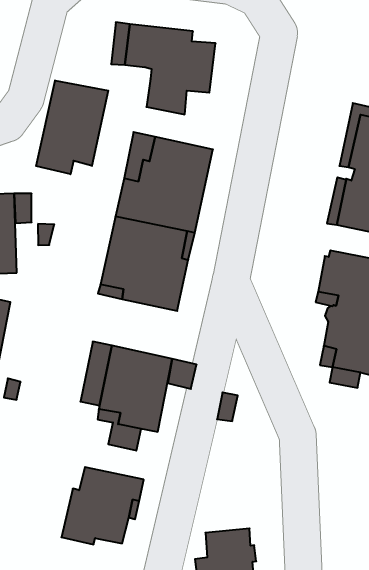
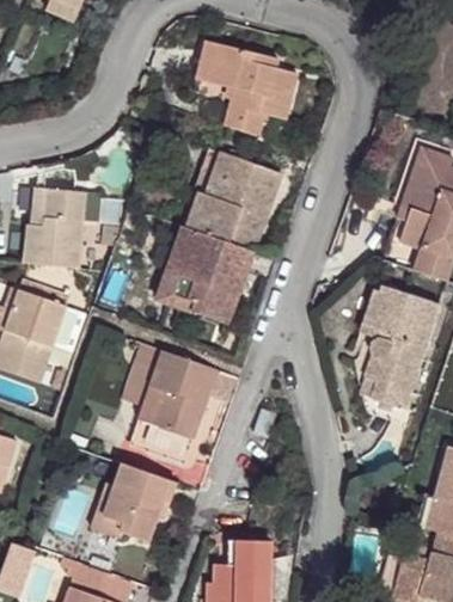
building: [36,80,108,174] -> none

